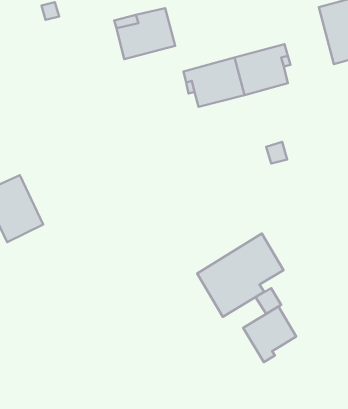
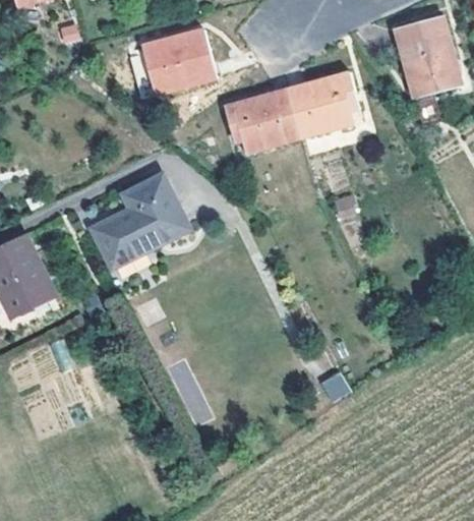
building: none -> [98,179,190,267]
building: [197,234,284,317] -> none
building: [243,307,296,362] -> none

